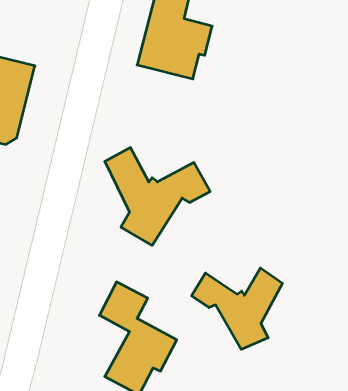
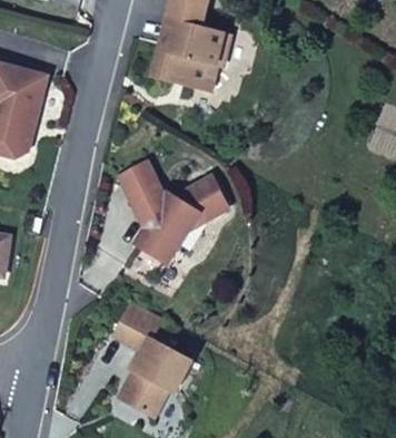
building: [192,268,282,349] -> none

